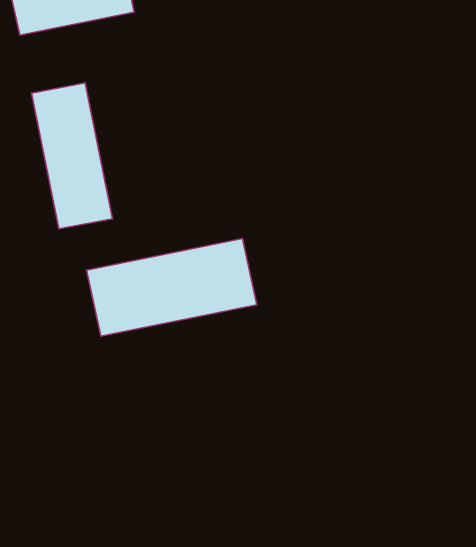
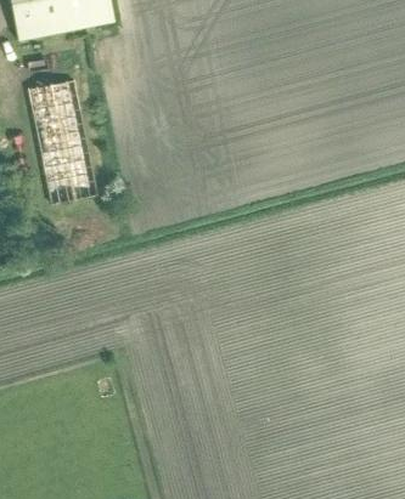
building: [87,239,257,336] -> none

